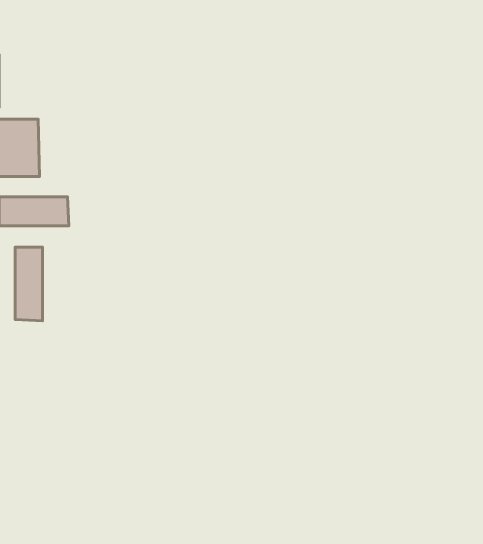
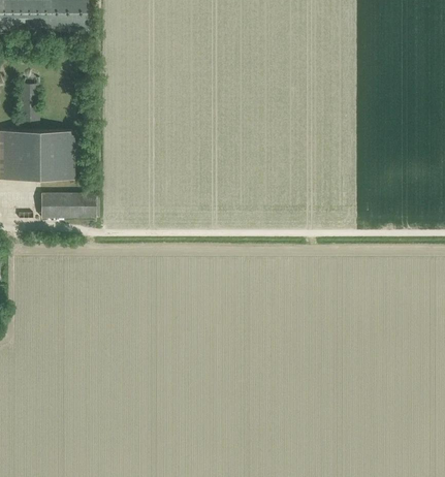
building: [15,247,42,321] -> none

